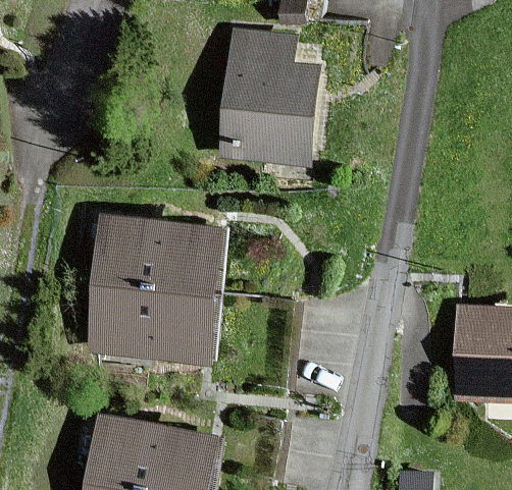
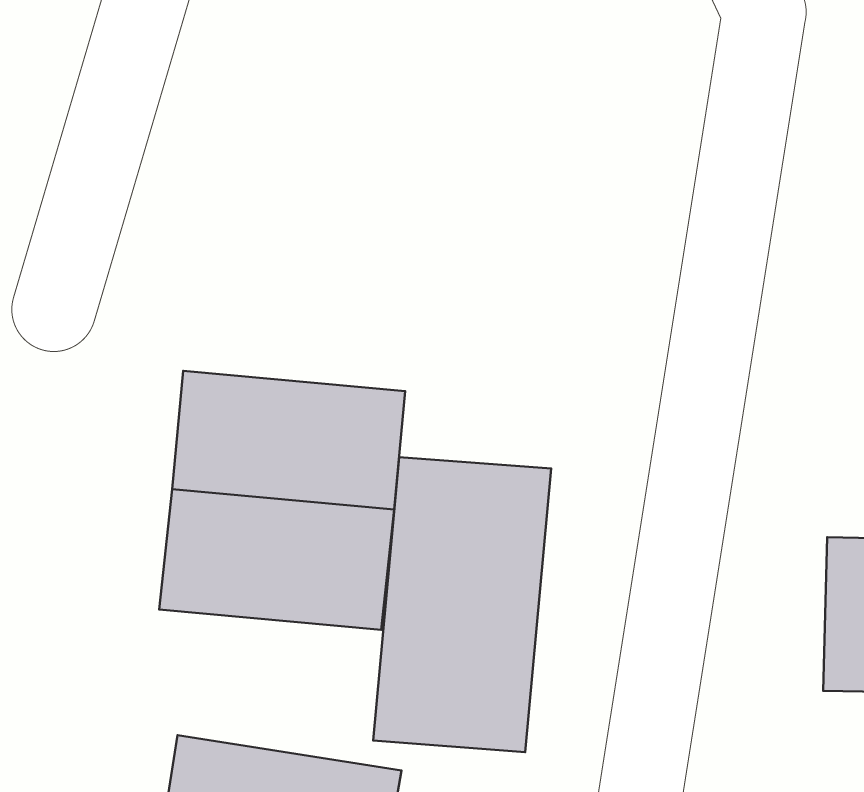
building: [217,28,319,165] -> none
building: none -> [373,457,551,752]

